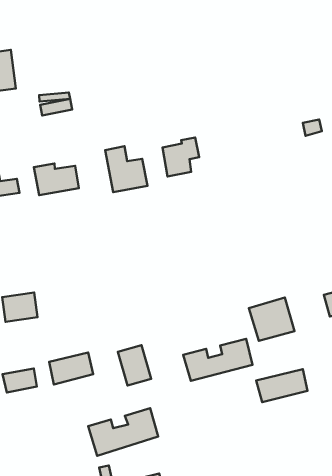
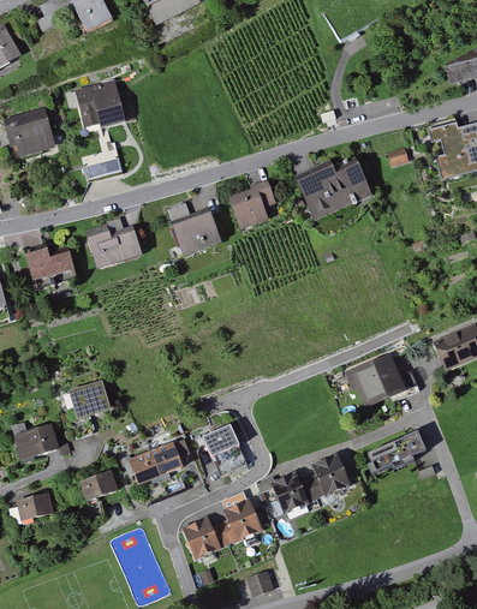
building: none -> [76,80,123,132]
building: none -> [294,159,370,217]
building: [183,339,253,381] -> [272,456,352,512]

